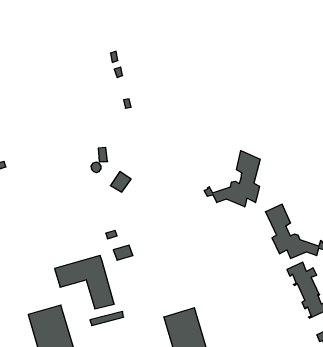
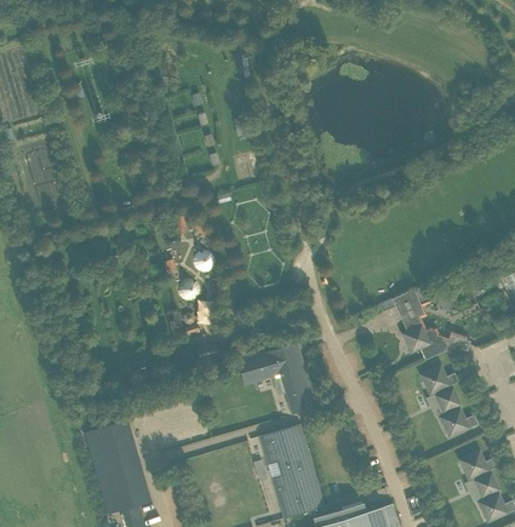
building: [204,151,260,207] -> none
building: [55,256,114,309] -> [238,343,315,412]

